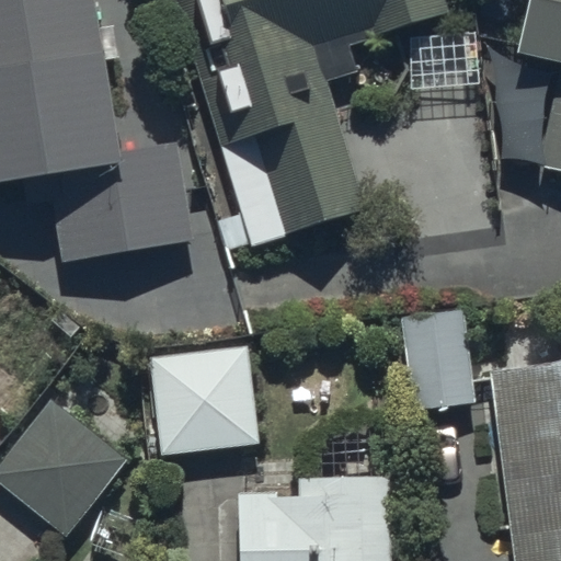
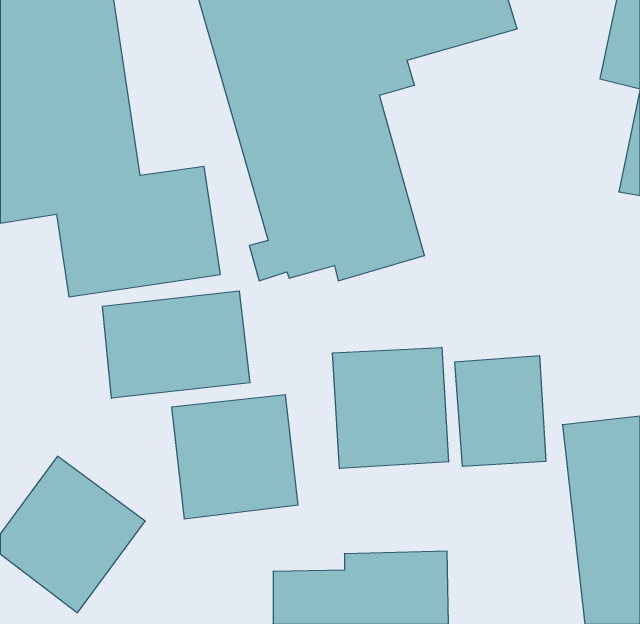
building: none -> [103,291,250,398]
building: none -> [333,347,448,469]

